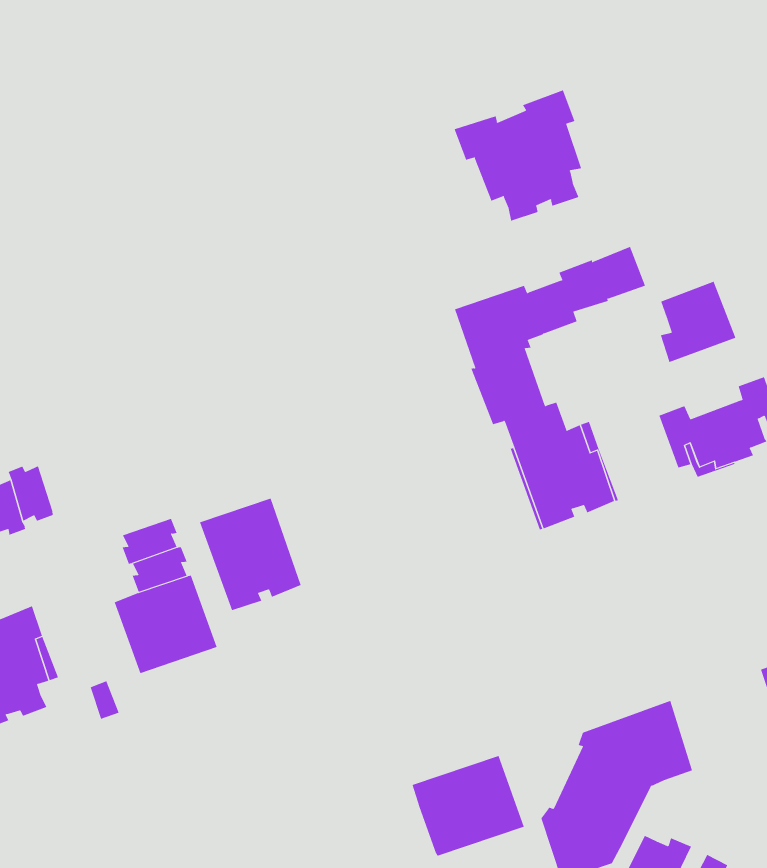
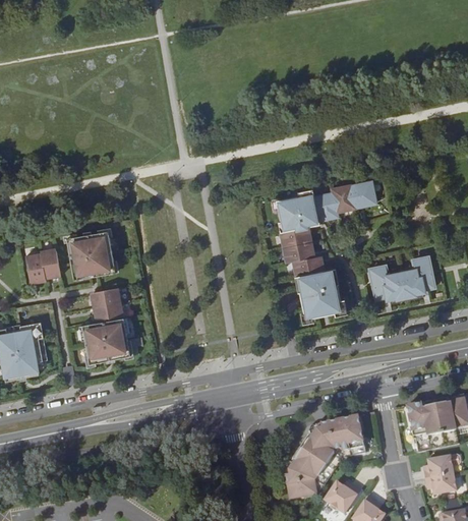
building: [454,90,582,221] -> none
building: [660,281,736,363] -> none
building: [199,498,302,611] -> [62,224,110,279]
building: [412,755,524,856] -> none

